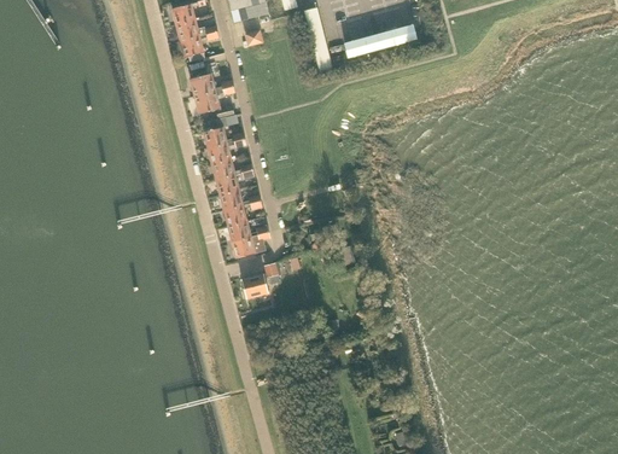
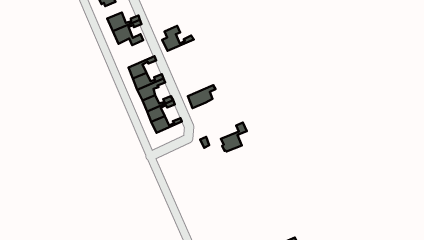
building: [203,116,245,147] -> [162,26,194,51]
building: [232,231,270,257] -> [188,85,216,108]
building: [241,262,278,297] -> [221,123,247,151]

